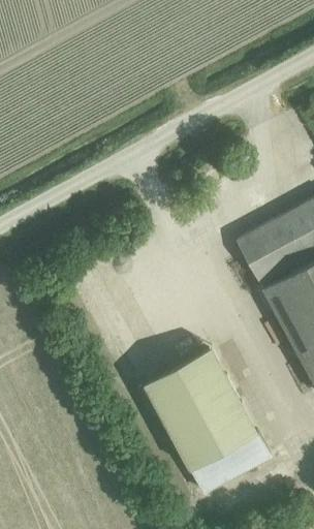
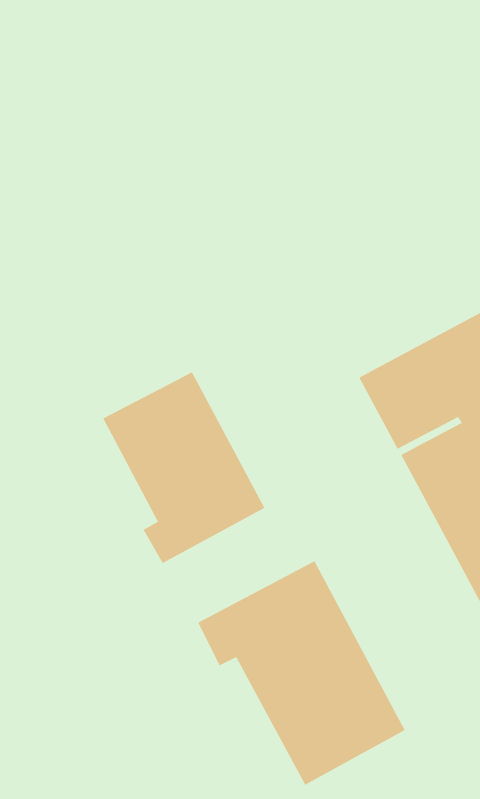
building: none -> [103,371,265,564]

